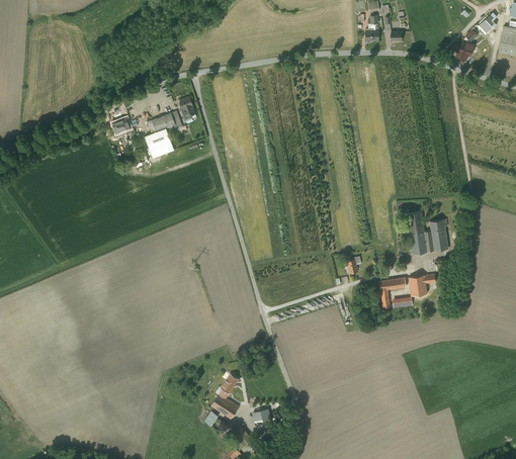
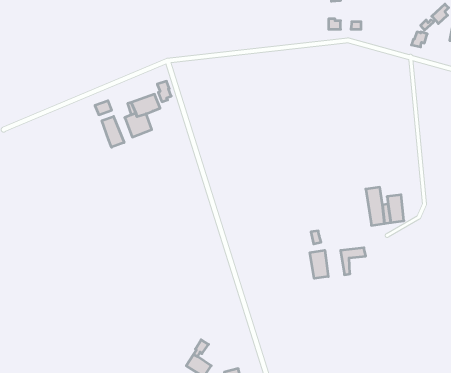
building: none -> [102,116,124,147]
building: [409,274,436,296] -> none
building: none -> [310,250,328,278]

